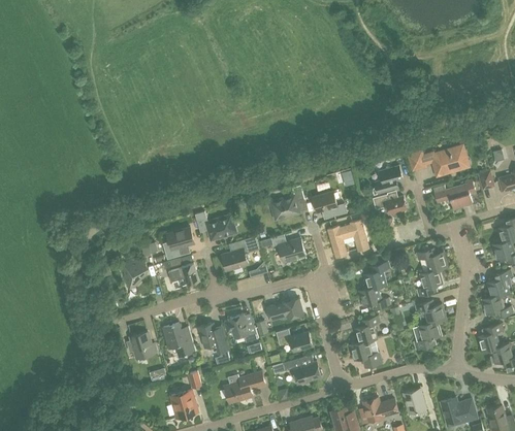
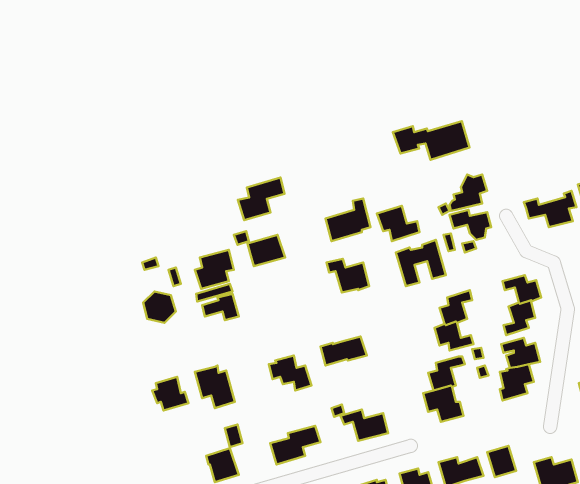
building: [406,144,469,176] -> [393,121,469,160]
building: [221,235,259,270] -> [238,177,284,220]
building: [195,323,228,353] -> none
building: [276,328,312,351] -> none

